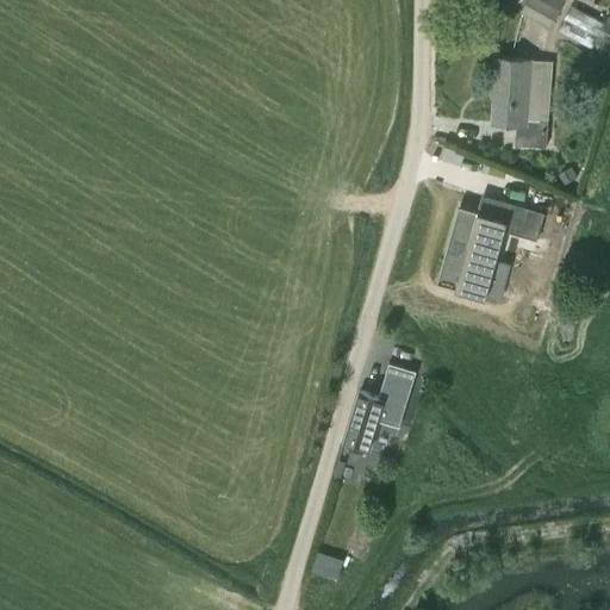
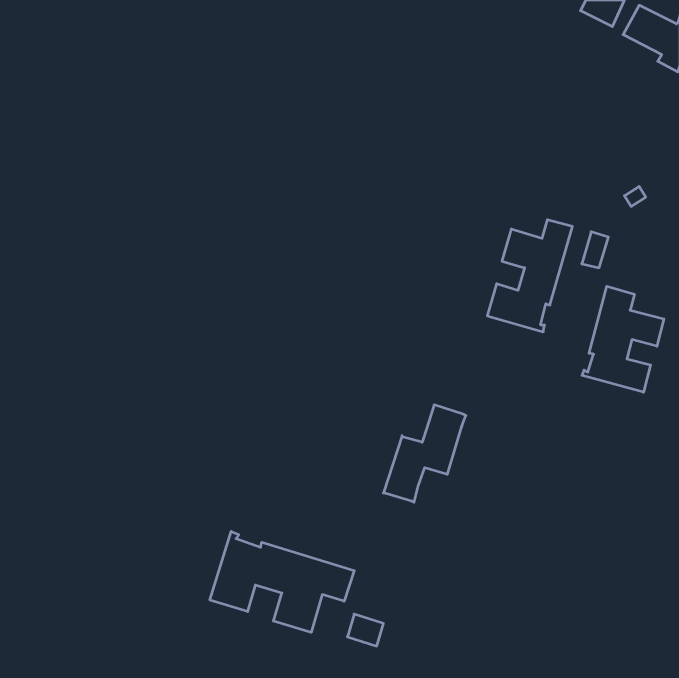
building: [492,58,554,149] -> none
building: none -> [582,286,664,392]
building: none -> [210,531,354,632]

